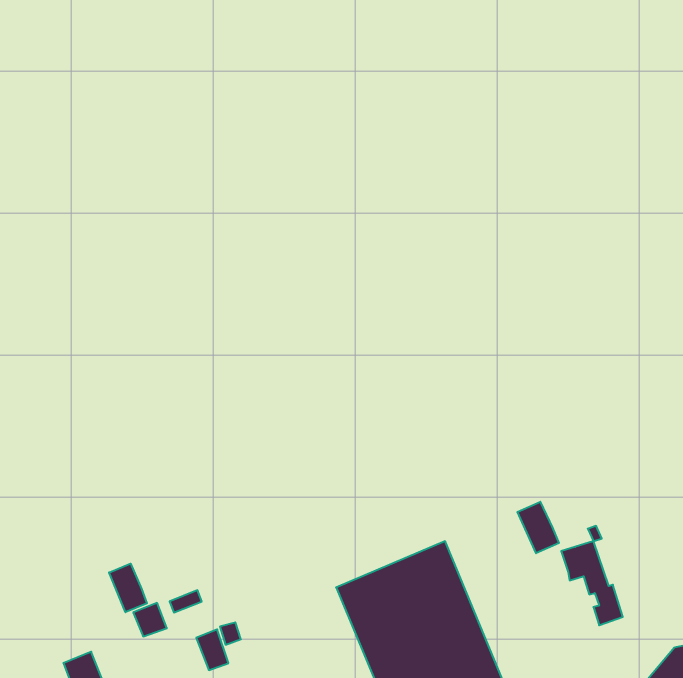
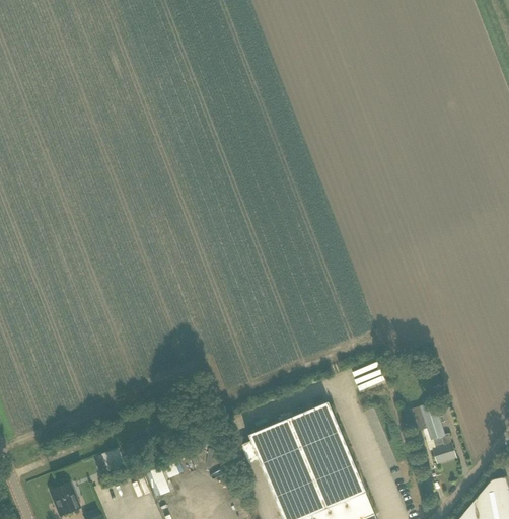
building: [517,502,559,553] -> none
building: [109,564,147,612] -> none

